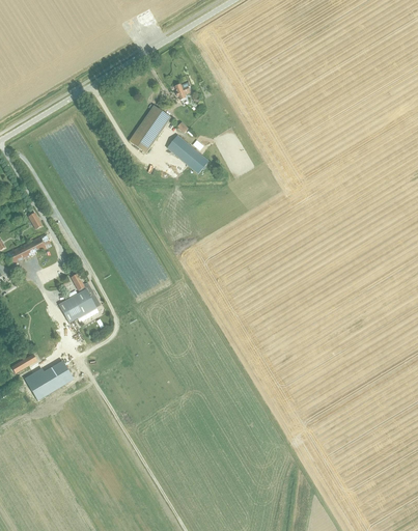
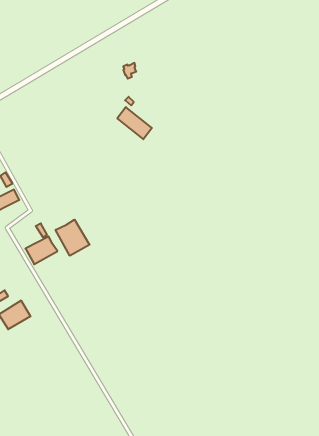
building: [130,105,171,152] -> none
building: none -> [56,220,90,256]

